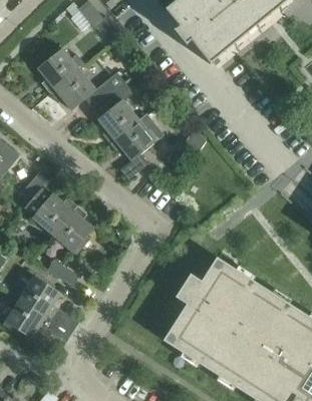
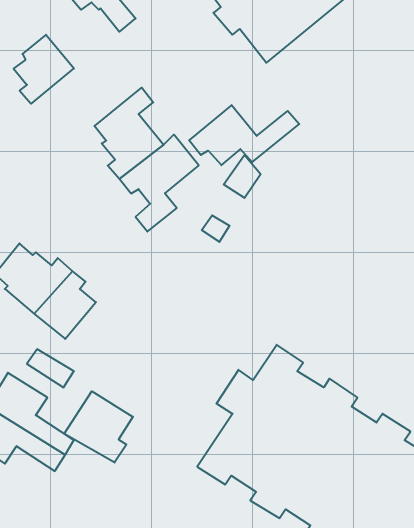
building: [49,67,124,108] -> [189,105,299,165]
building: none -> [64,391,133,463]

